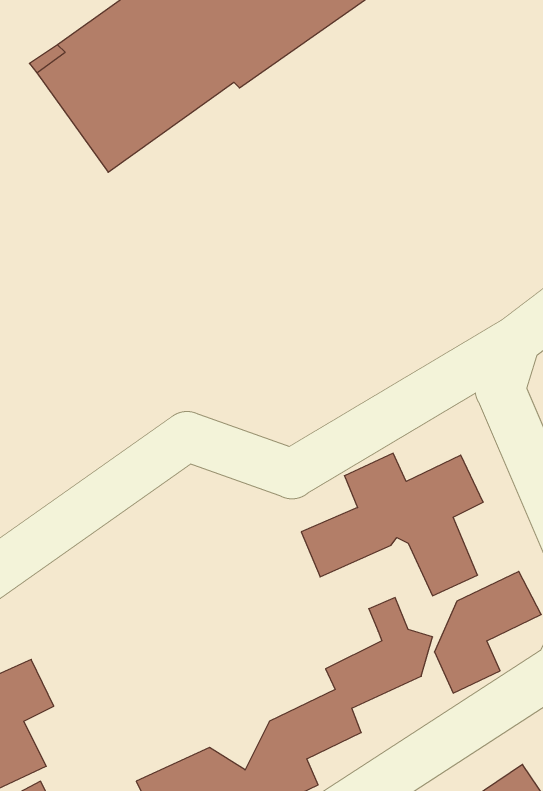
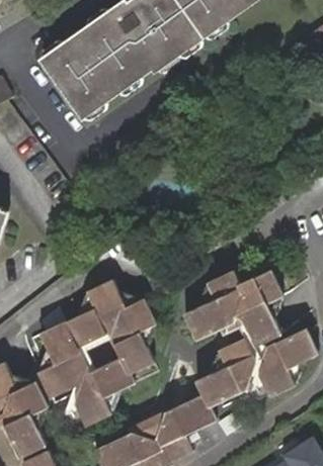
building: none -> [42,281,157,429]

